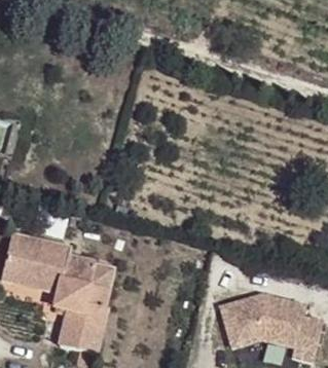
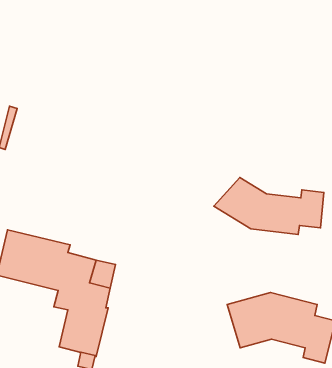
building: none -> [214,177,324,234]

